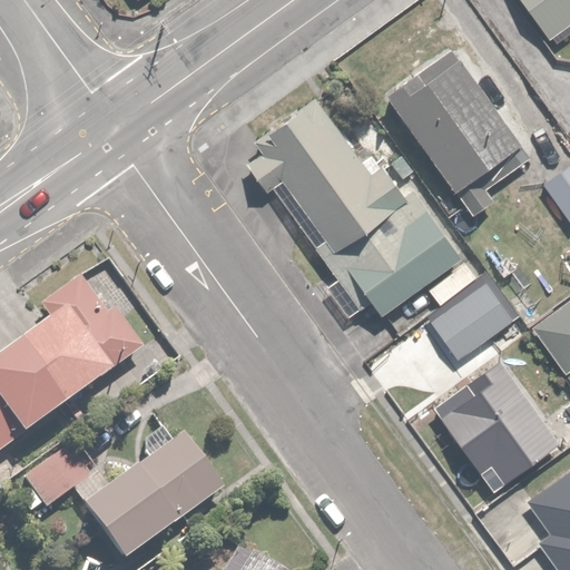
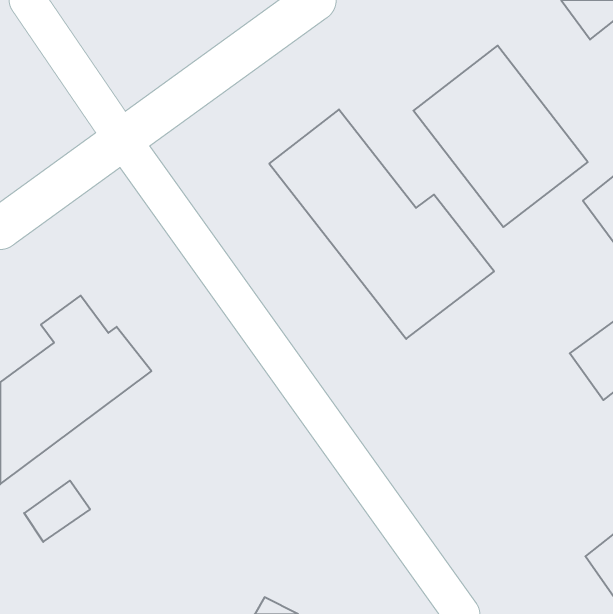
building: [431,283,509,354] -> none
building: [432,358,559,489] -> none
building: [81,426,220,561] -> none

